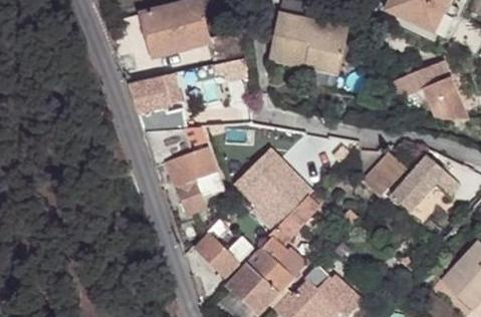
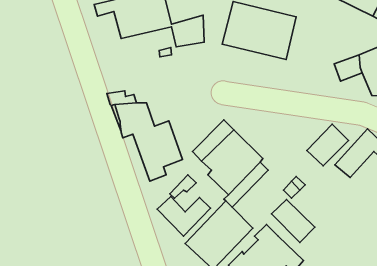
building: [128,74,173,111] -> none
building: none -> [272,200,315,242]

